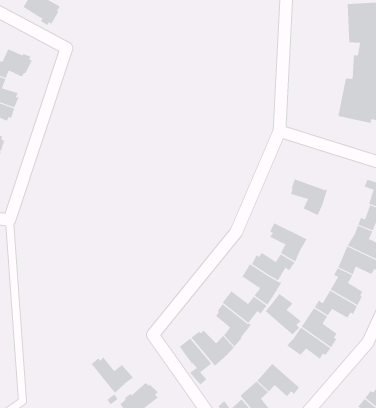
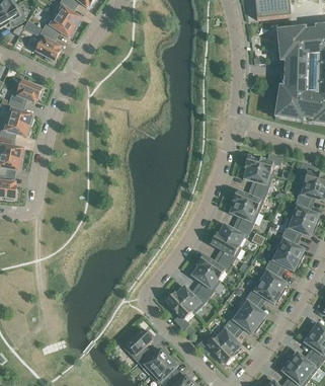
building: none -> [245,154,281,173]
building: none -> [233,188,266,212]
building: [265,293,301,335] -> [238,294,266,325]
building: [91,356,134,394] -> none

